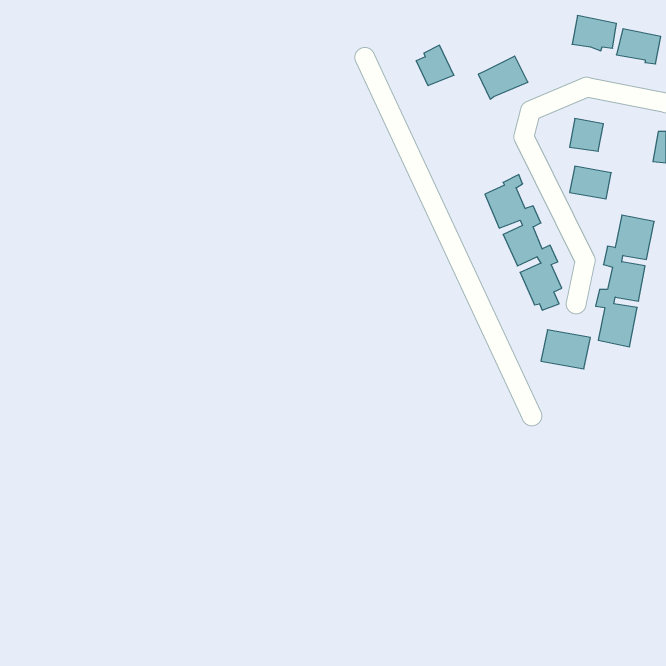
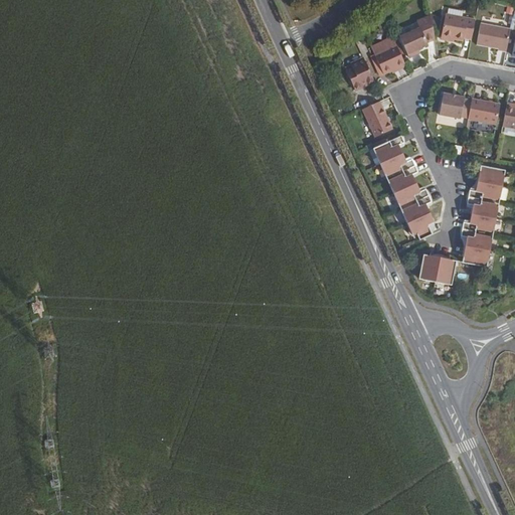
building: none -> [400,15,436,56]
building: [416,45,454,86] -> [347,58,376,90]
building: none -> [363,102,393,137]
building: [570,166,611,199] -> [469,98,501,123]

